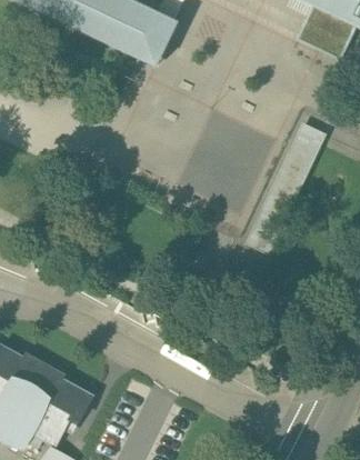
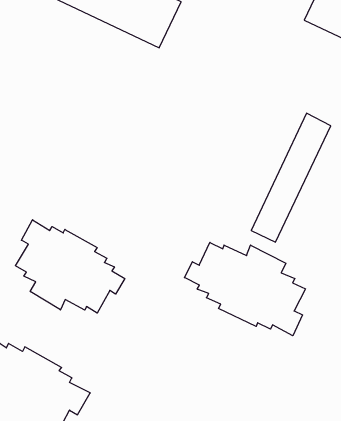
building: none -> [15,220,125,313]
building: none -> [184,242,305,336]

